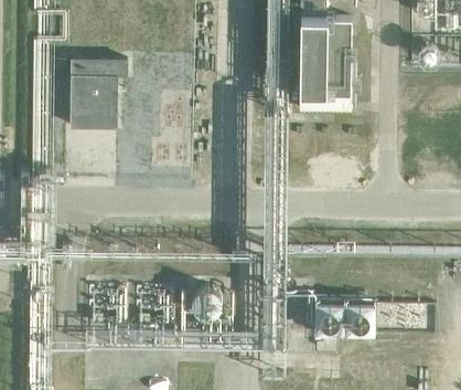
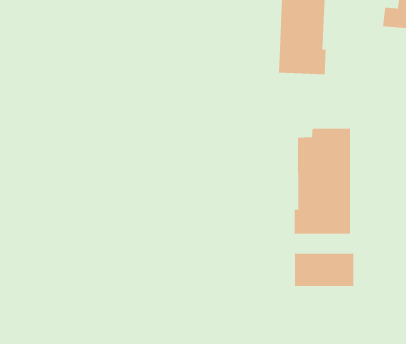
building: [62,60,118,128] -> none
building: none -> [294,128,350,235]

